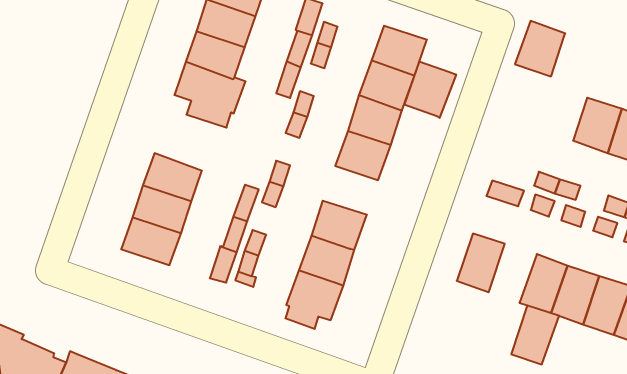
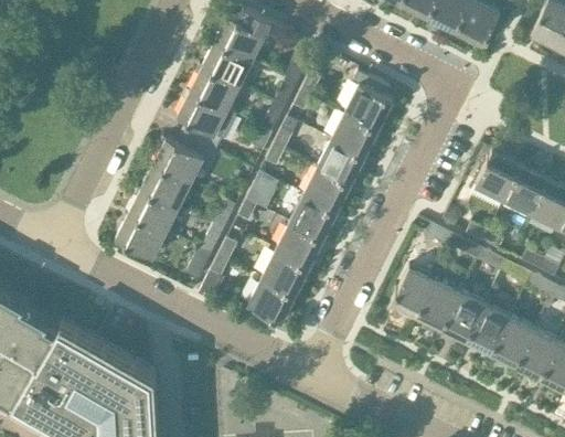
building: [515,21,565,76] -> [475,152,520,201]
building: [405,61,456,118] -> none
building: none -> [153,136,216,184]
building: none -> [288,195,337,239]
building: [511,306,559,364] -> [416,279,460,330]

